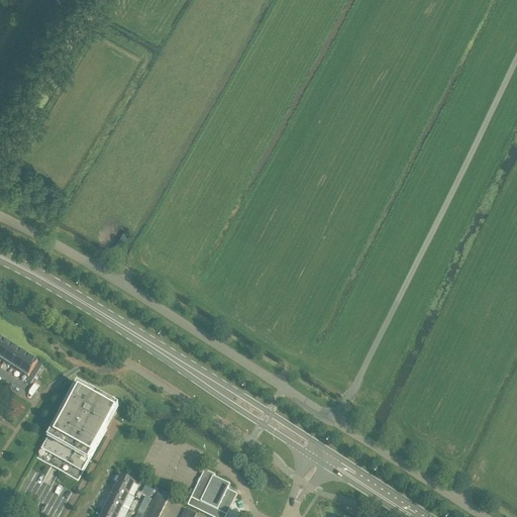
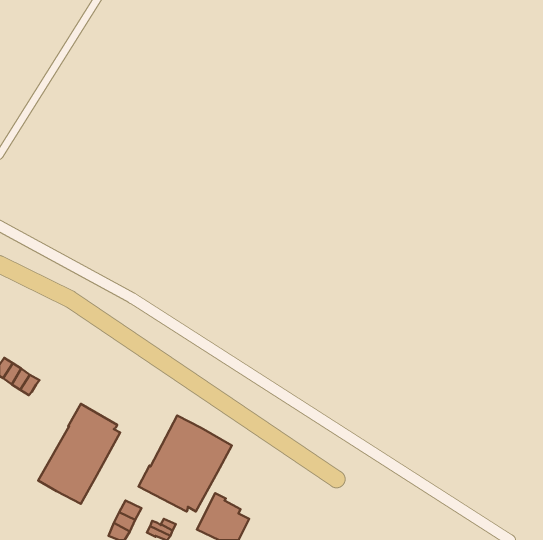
building: none -> [139,415,232,512]

